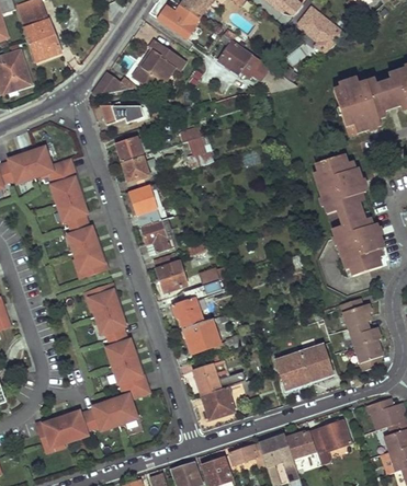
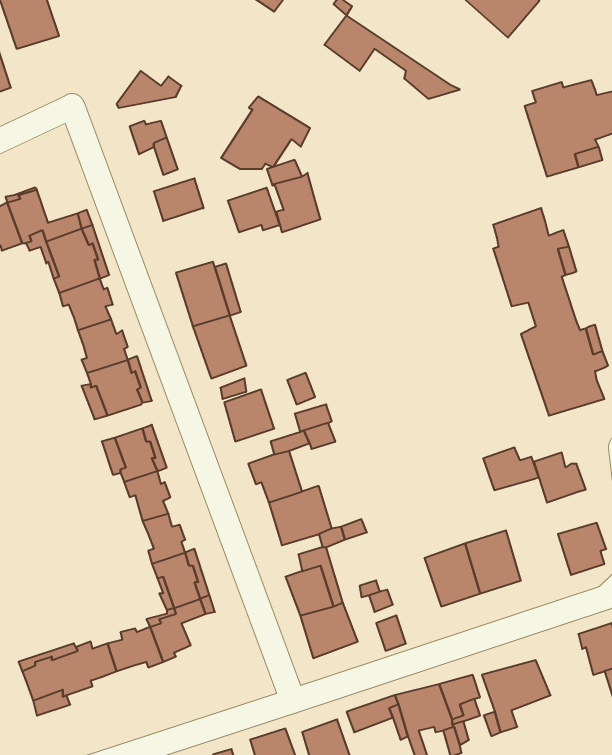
building: [134,40,186,83] -> [221,97,310,169]
building: [121,154,151,181] -> [228,188,280,232]
building: [348,322,381,347] -> [483,448,539,490]

